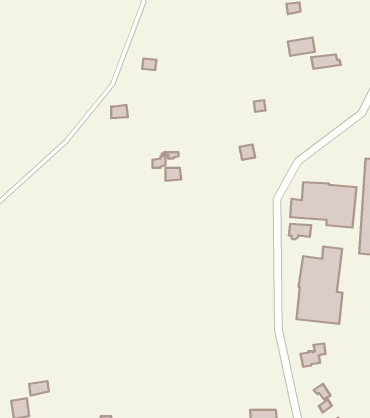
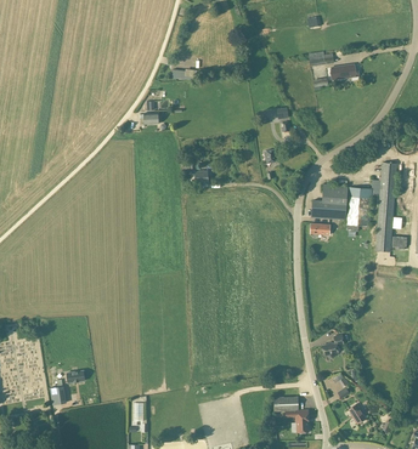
building: [297,246,342,324] -> none

